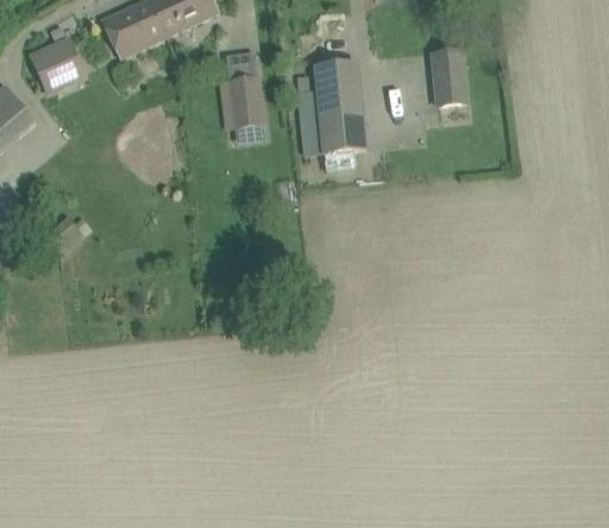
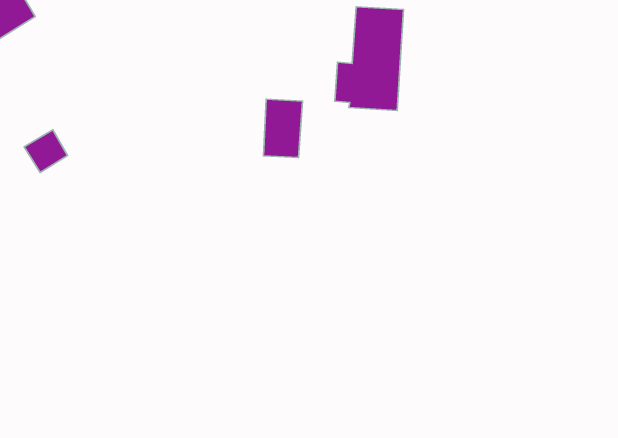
building: [428,59,467,107] -> none
building: [225,75,262,128] -> [263,99,302,158]

